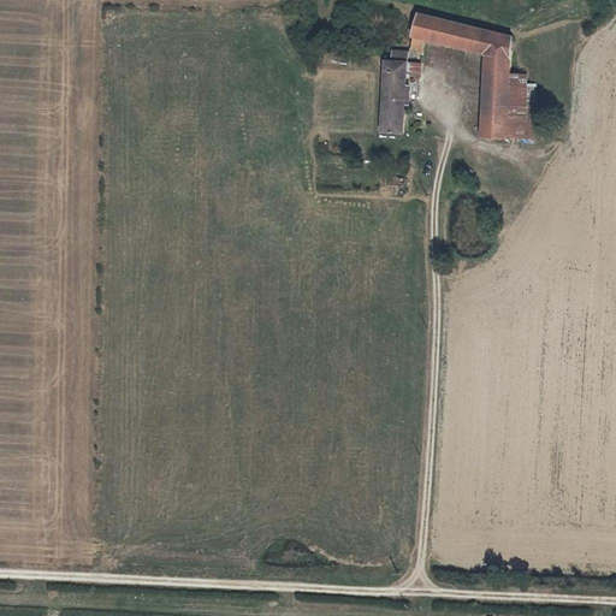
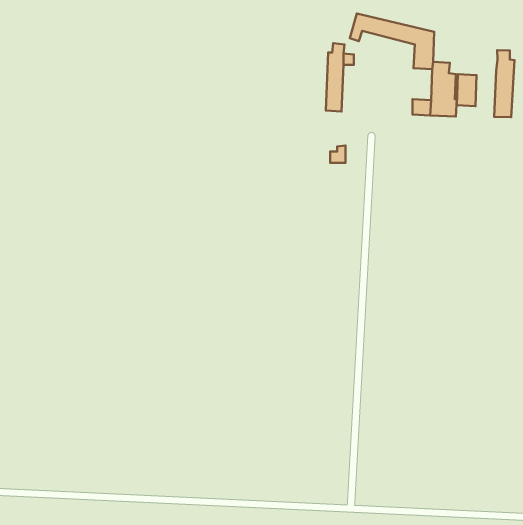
building: none -> [494,50,514,117]
building: [481,79,504,117] -> [457,74,476,106]

